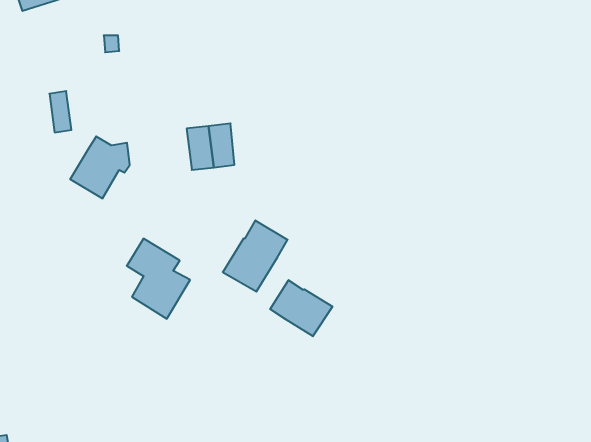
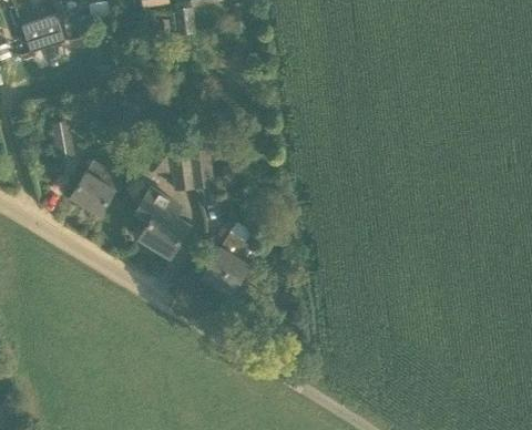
building: [127,239,190,319] -> [134,188,188,257]
building: [270,280,332,336] -> none

